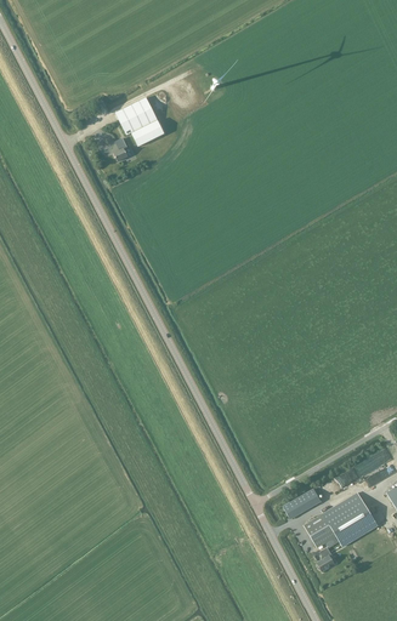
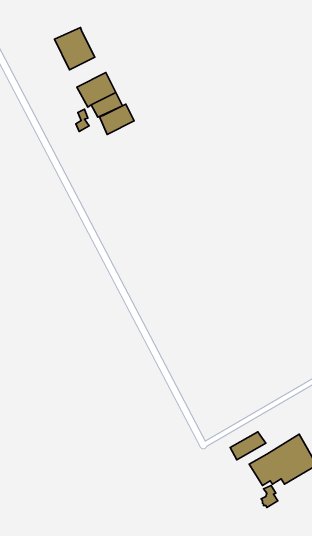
building: none -> [54,27,95,70]
building: none -> [100,104,134,134]

